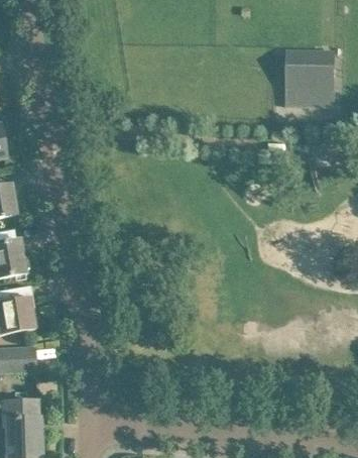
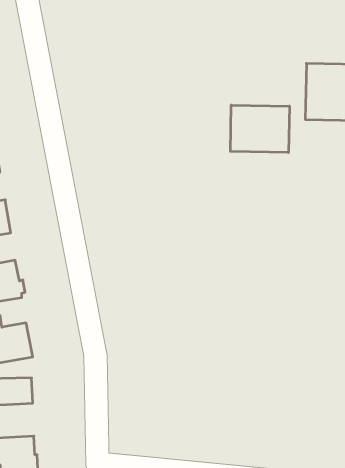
building: none -> [230,105,289,153]

